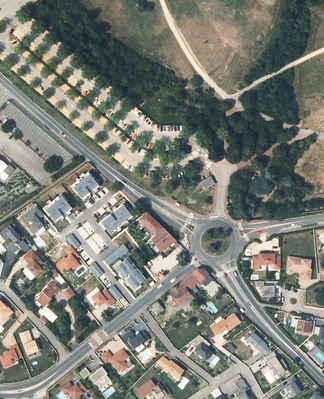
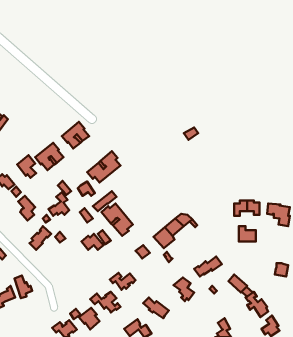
building: [138,212,175,251] -> none

